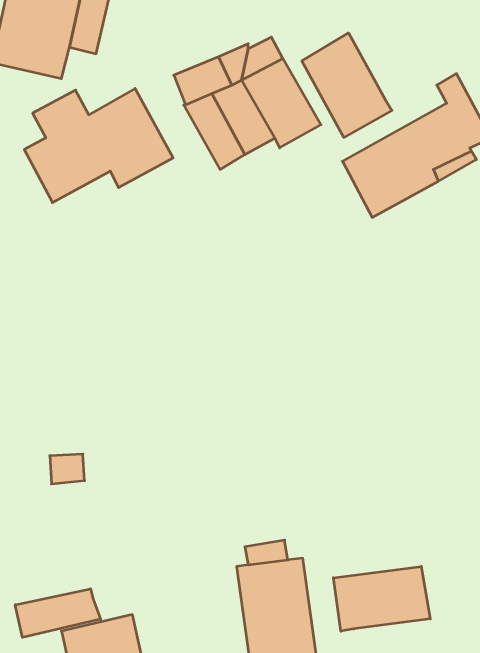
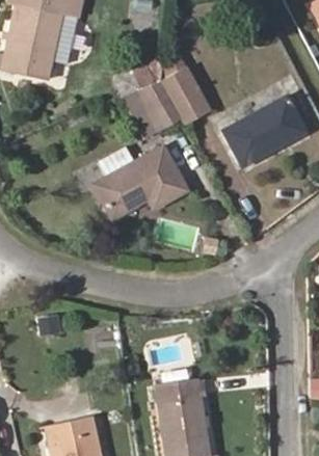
building: [302,33,392,137] -> none
building: [24,88,173,203] -> [94,145,187,217]
building: [333,566,430,631] -> none
building: [15,589,101,637] -> none

